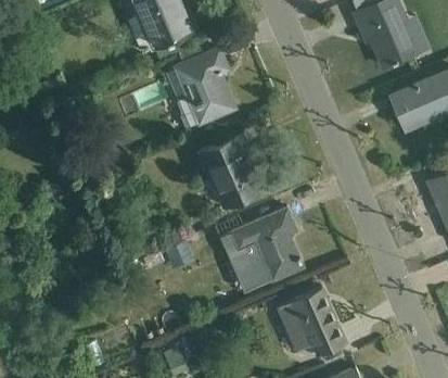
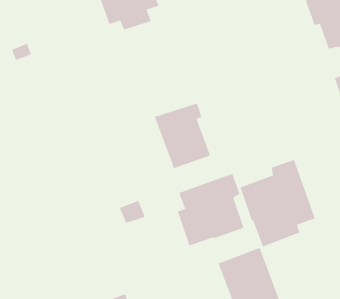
building: [166,49,235,128] -> none
building: none -> [239,159,316,247]

